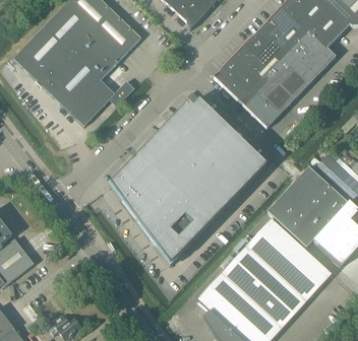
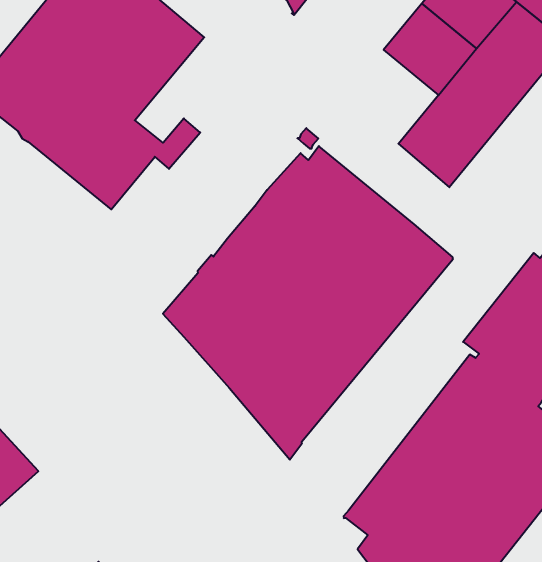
building: [214,52,264,103] -> none

